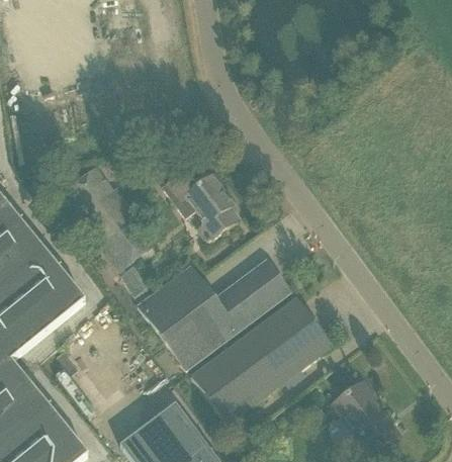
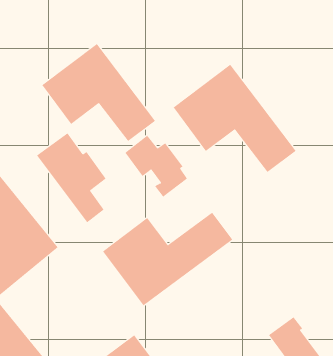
building: none -> [41,43,156,142]
building: none -> [173,64,296,173]
building: [190,295,333,423] -> none

